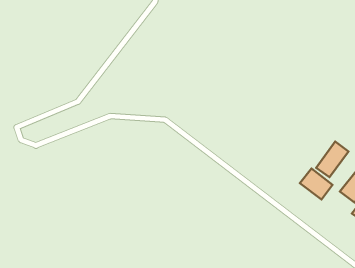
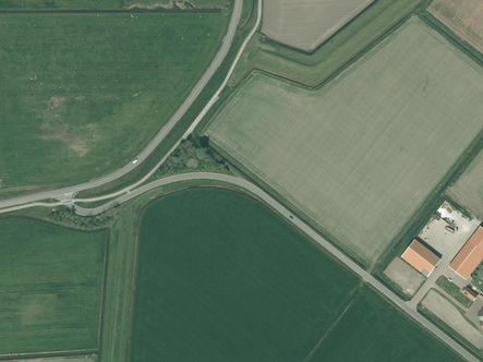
building: [316,141,349,177] -> none

